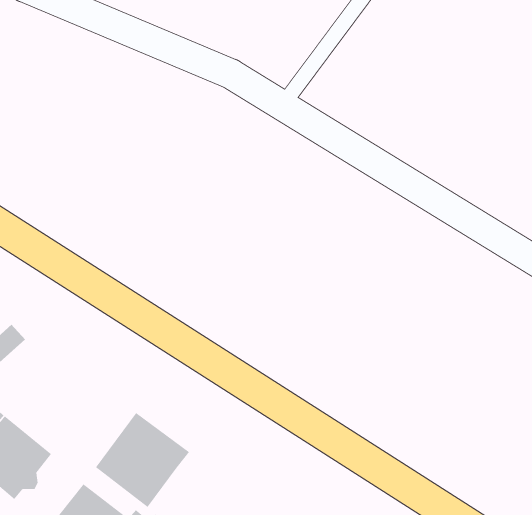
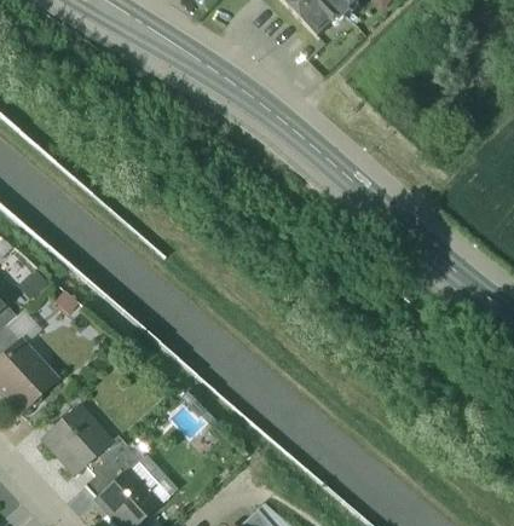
building: [95,412,190,508] -> none

